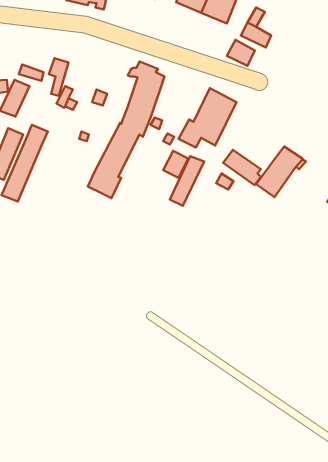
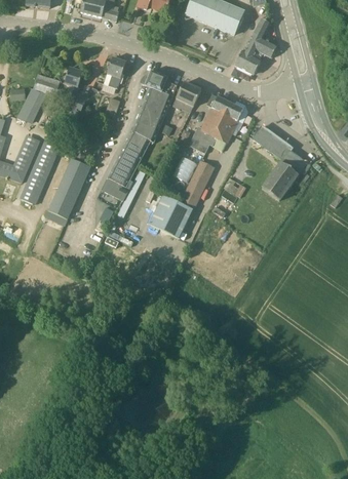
building: none -> [103,57,126,89]
building: none -> [172,82,201,108]
building: [223,150,261,185] -> [253,126,288,160]
building: none -> [49,159,91,218]
building: none -> [149,195,193,239]

